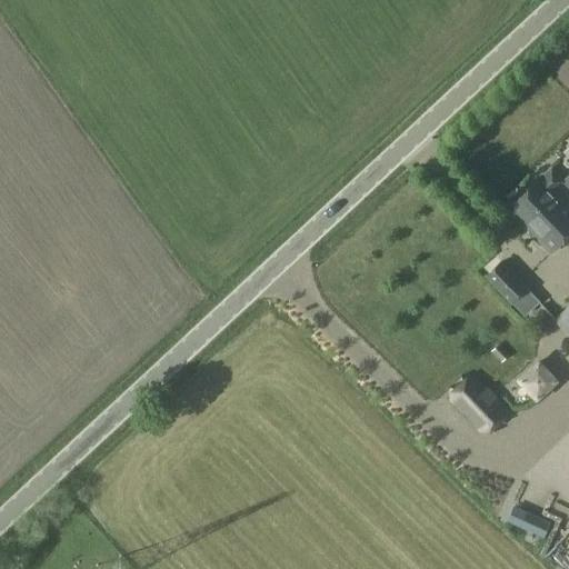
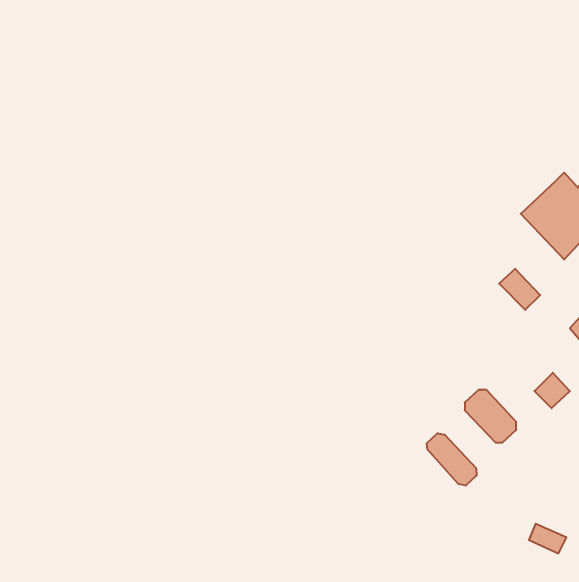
building: none -> [427,433,477,486]

